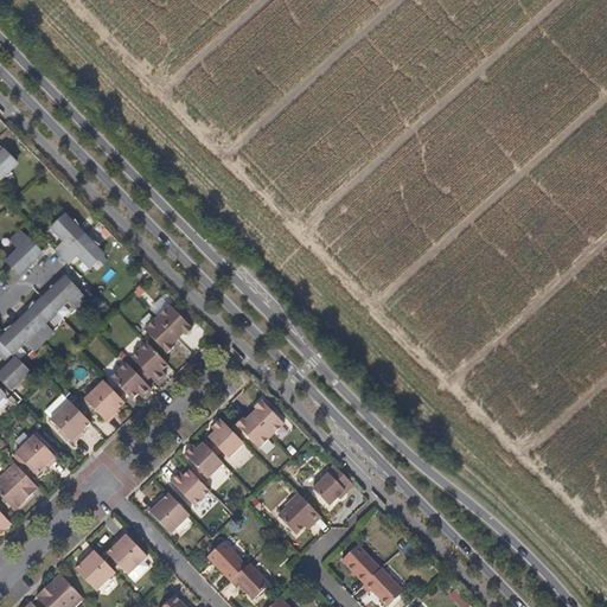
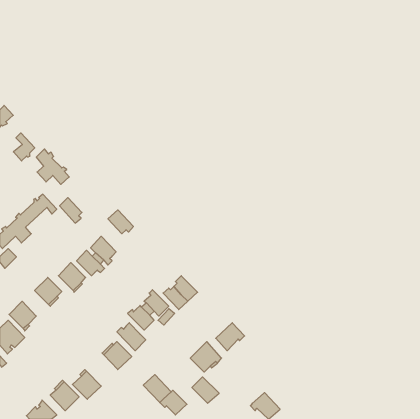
building: [8,230,39,270] -> [13,133,35,161]
building: [143,315,175,352] -> [60,198,82,223]
building: [340,543,379,581] -> [192,377,219,403]

